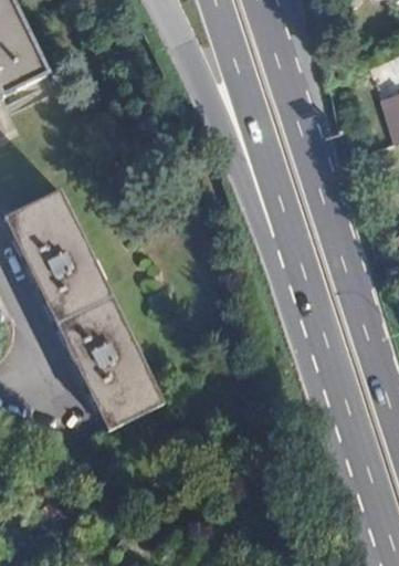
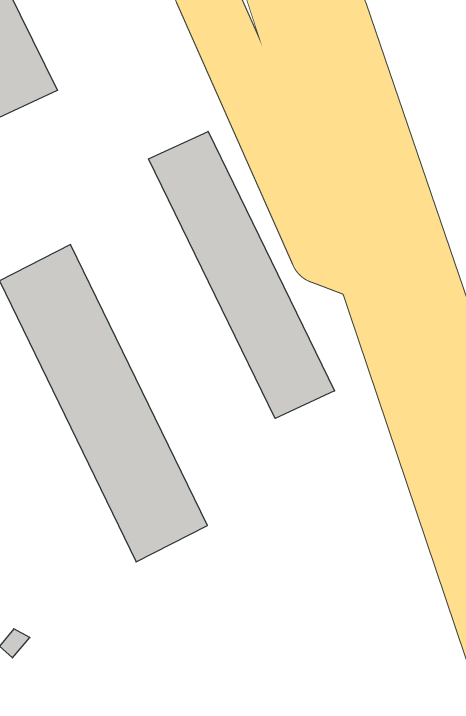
building: none -> [149,131,335,418]

